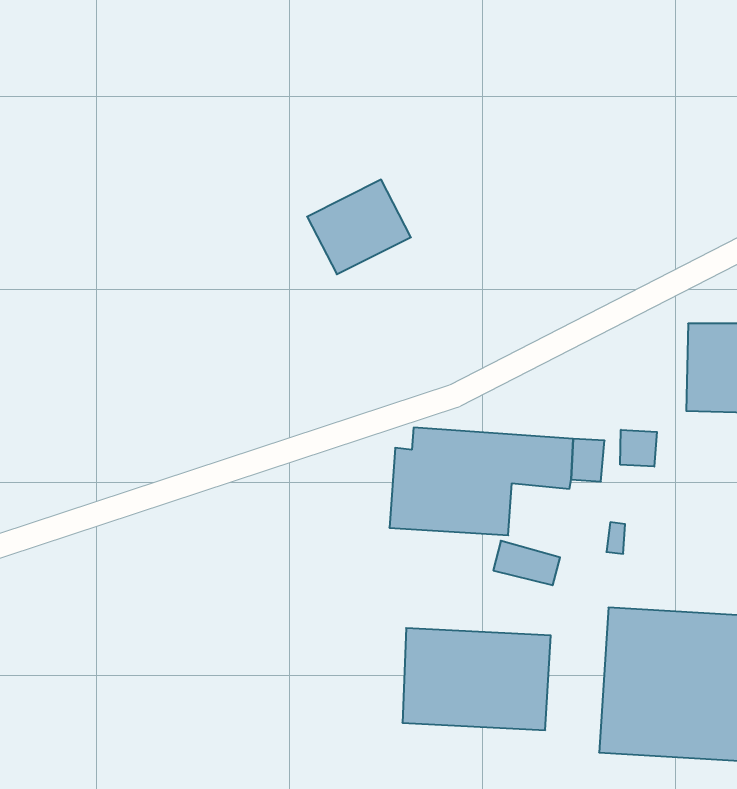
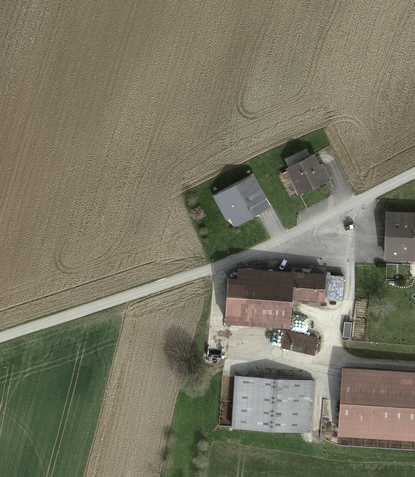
building: [307,180,411,274] -> [211,174,267,225]
building: none -> [288,157,329,194]
building: [620,430,657,467] -> none

